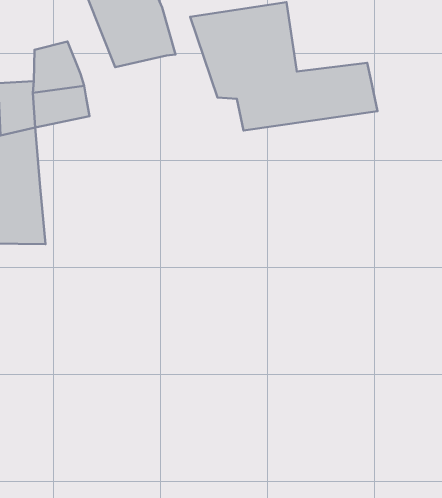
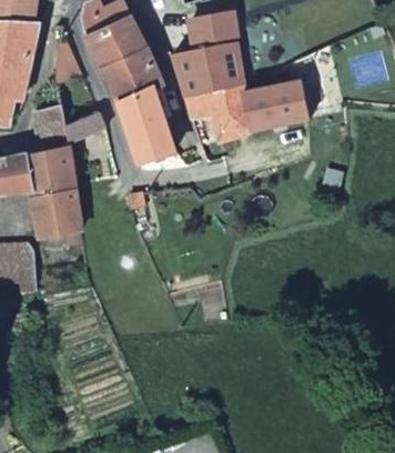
building: none -> [120,92,175,160]

